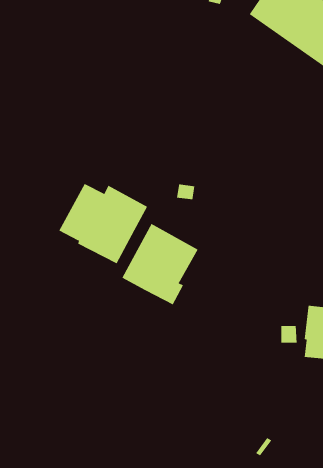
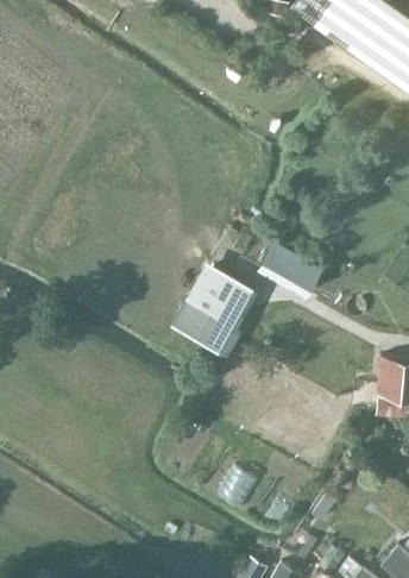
building: [59,183,148,264] -> none
building: none -> [258,243,321,297]

